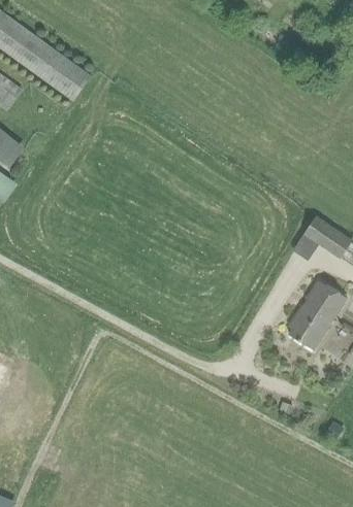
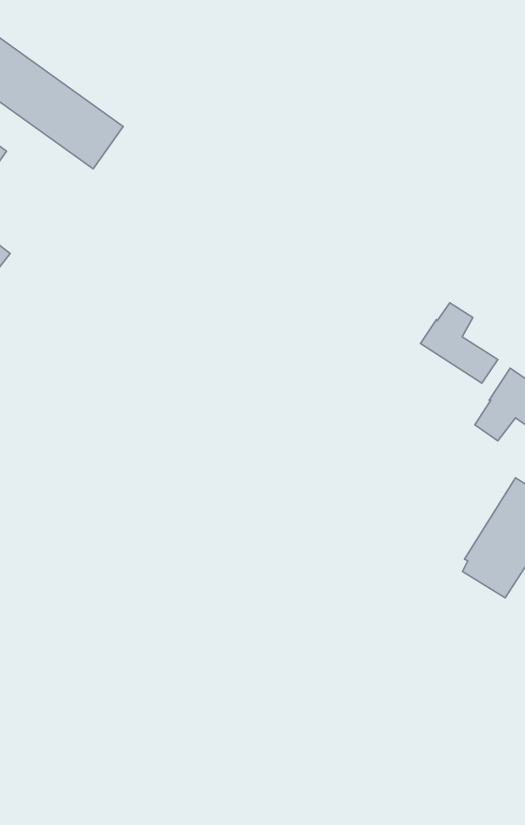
building: none -> [421,303,498,383]

